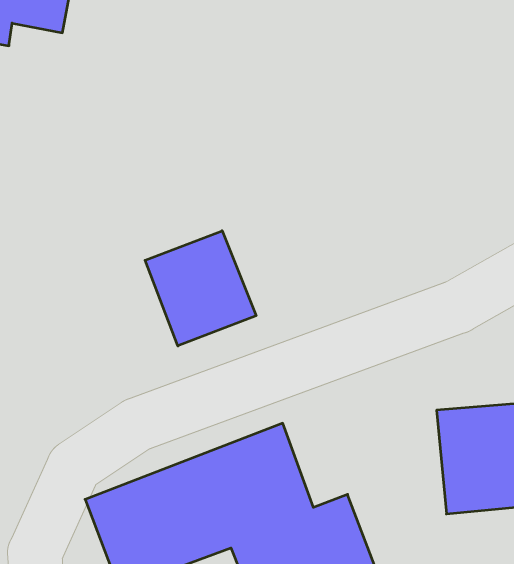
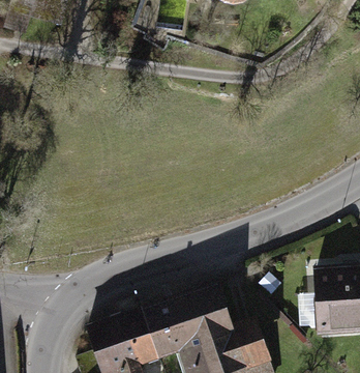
building: [145,231,256,346] -> none

